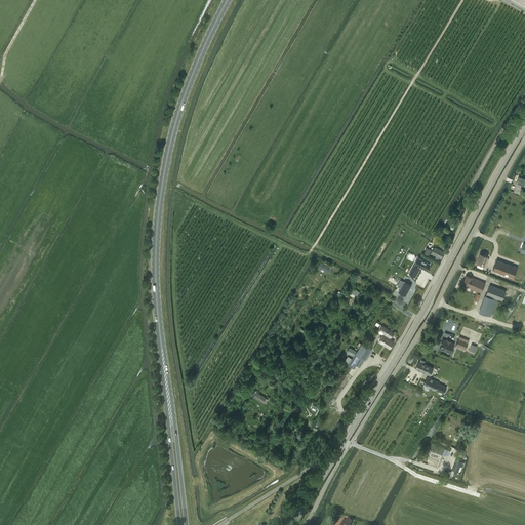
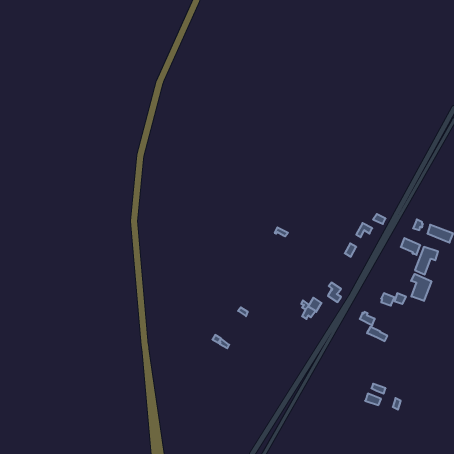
building: none -> [411,274,431,301]

